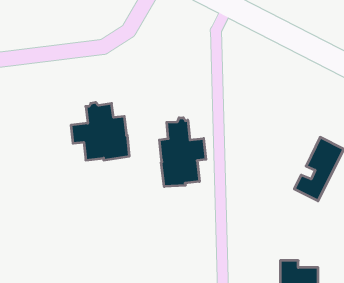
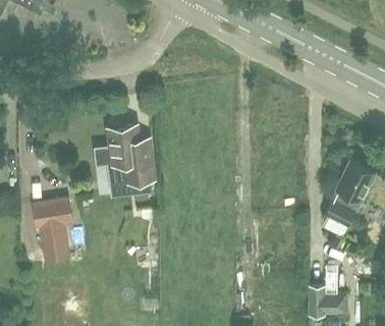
building: [159,118,206,187] -> none
building: none -> [31,198,73,262]

